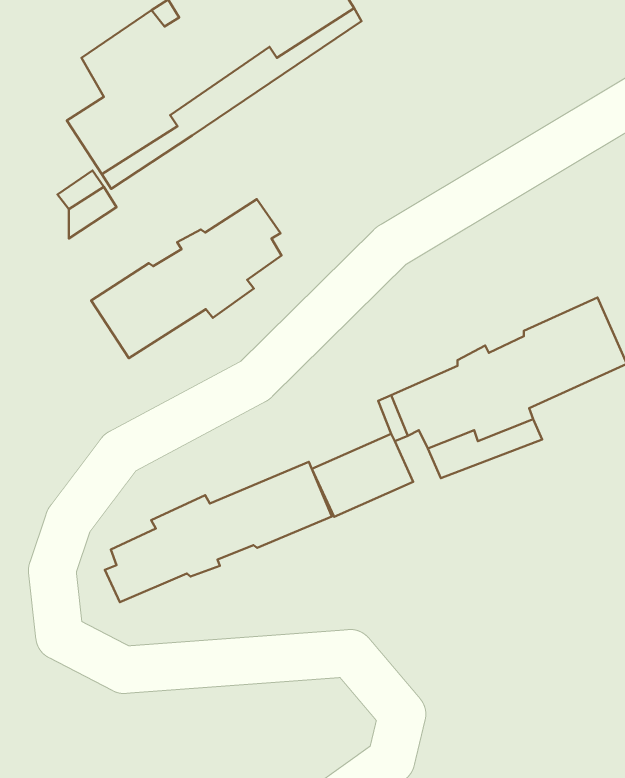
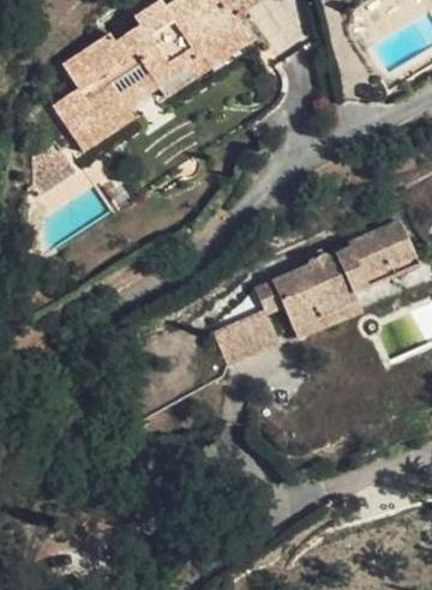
building: [91,199,282,358] -> none
building: [105,462,332,602] -> none

